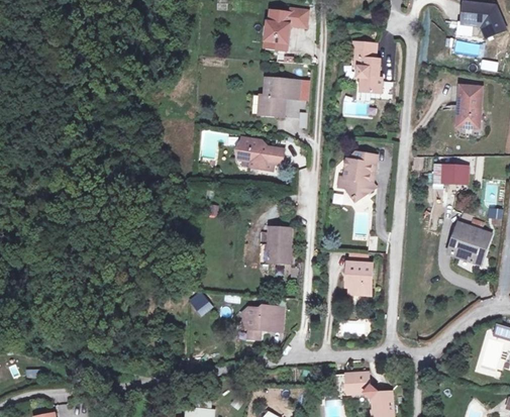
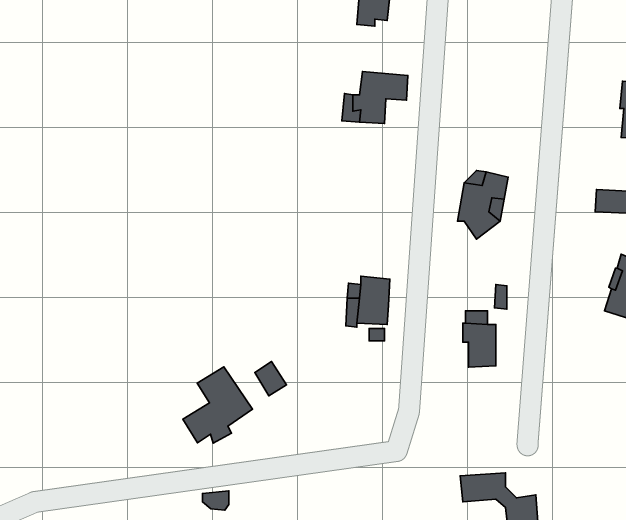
building: [354,43,383,93] -> none
building: [239,137,284,169] -> none
building: none -> [183,367,252,443]
building: [241,305,282,340] -> none

